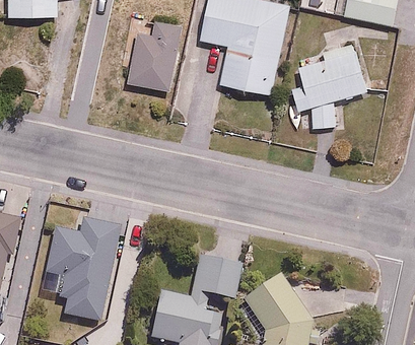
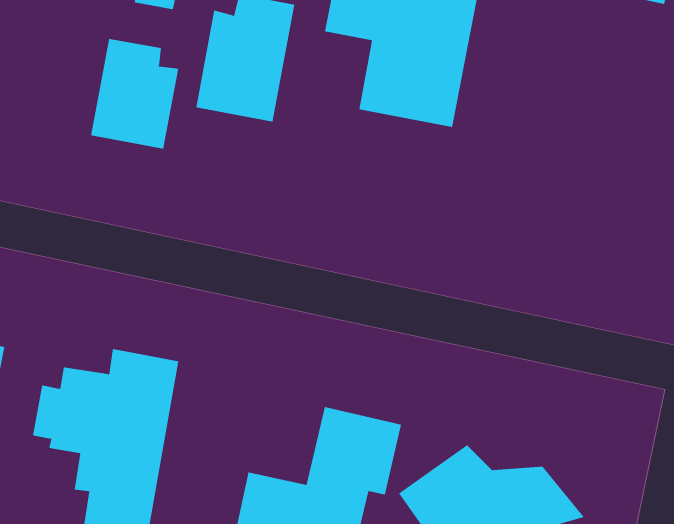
building: [289,43,366,129] -> none
building: none -> [91,38,179,149]

